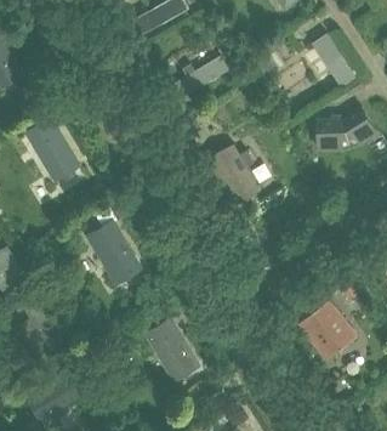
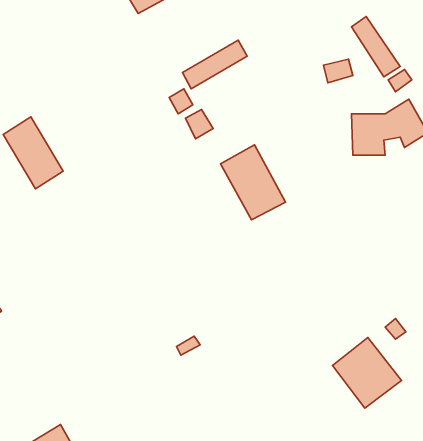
building: [90,222,140,280] -> none
building: [148,318,198,378] -> none

